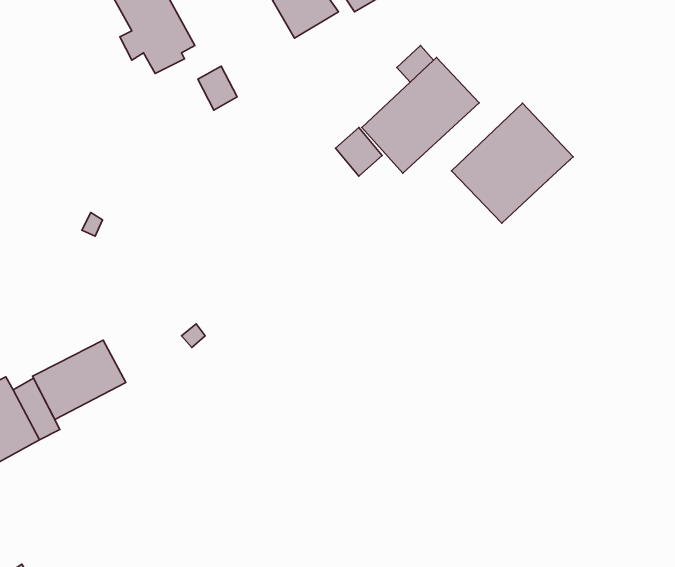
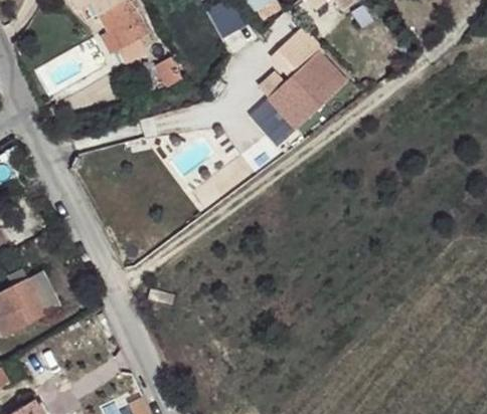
building: [451,103,573,223] -> none
building: [32,340,126,420] -> none

